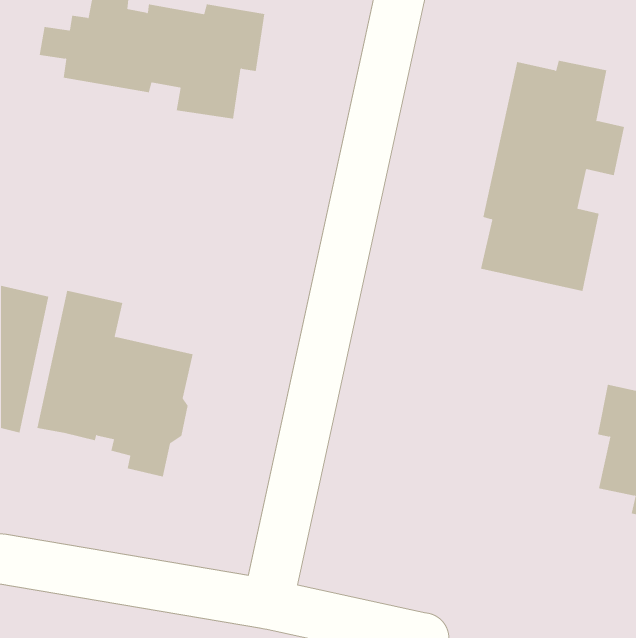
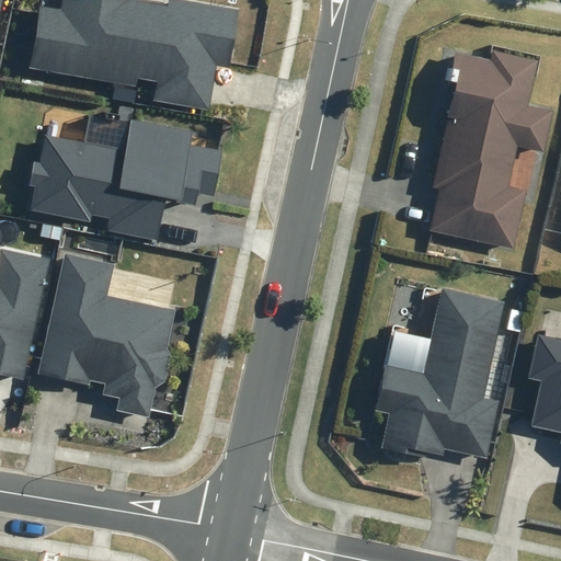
building: none -> [34,117,227,237]
building: none -> [371,288,502,459]

